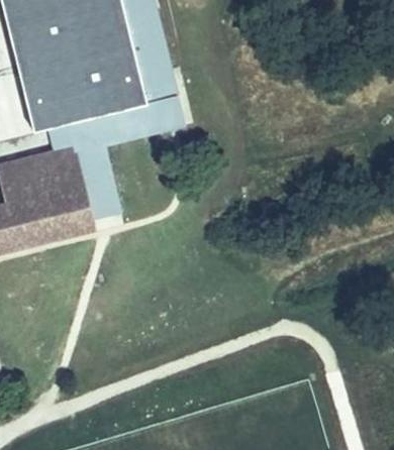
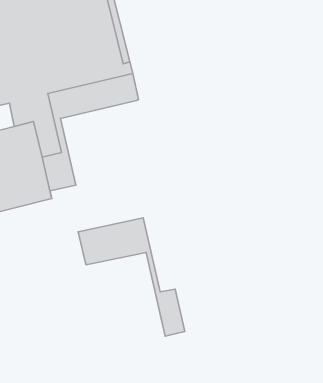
building: none -> [78,218,185,336]

